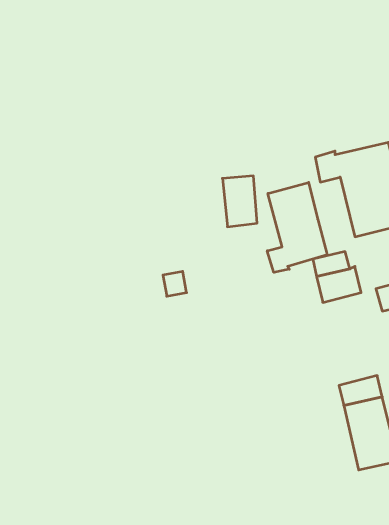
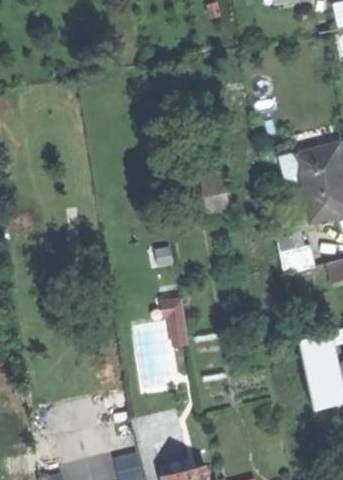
building: [267,182,327,272] -> none
building: none -> [163,296,189,343]

